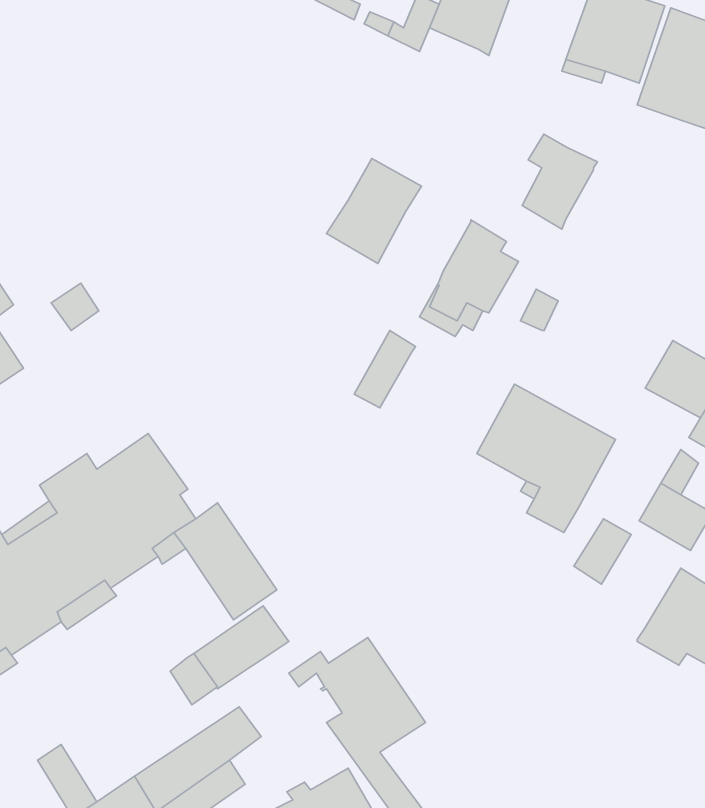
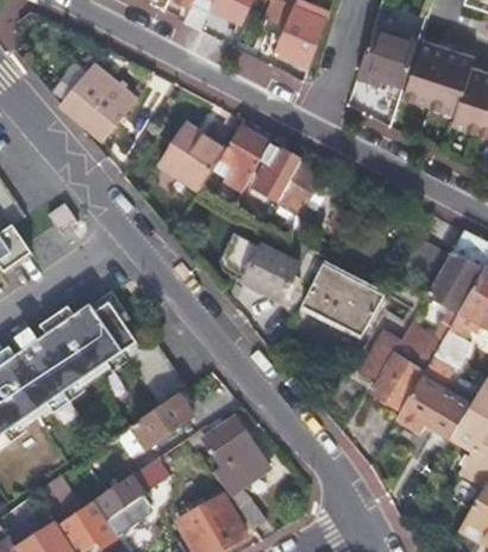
building: none -> [67,70,134,137]
building: [522,134,597,229] -> [256,144,301,201]
building: none -> [158,128,225,194]
building: none -> [243,244,299,300]
building: none -> [373,354,426,410]

